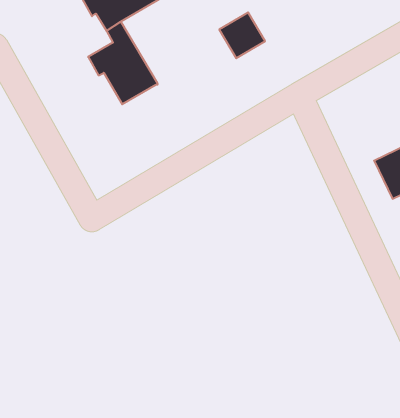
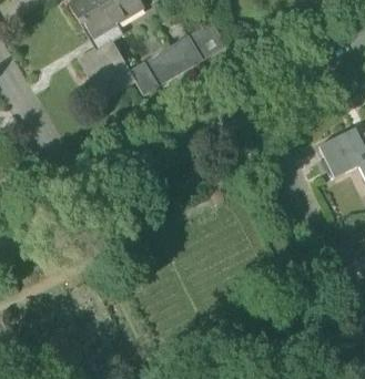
building: none -> [134,35,202,95]

